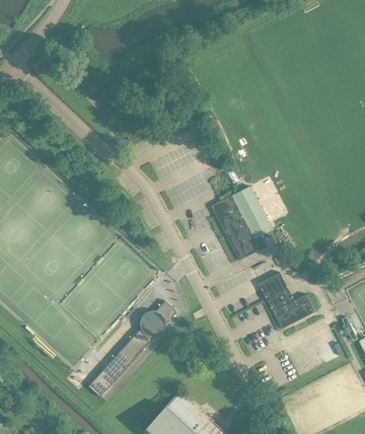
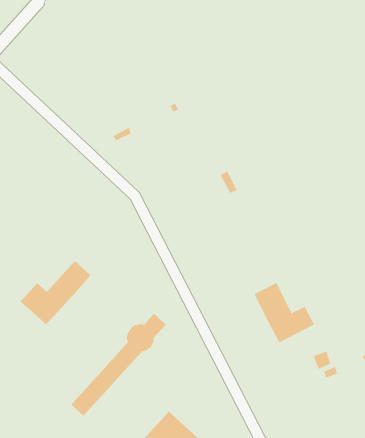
building: [210,186,272,261] -> none
building: none -> [20,260,91,325]

